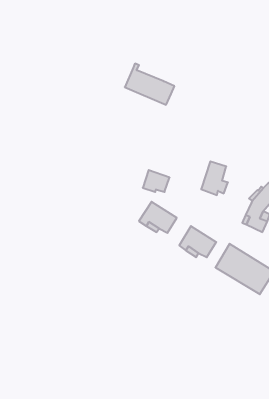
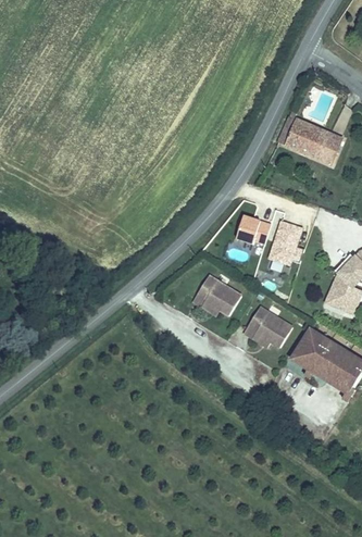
building: [125,64,174,105] -> [278,111,342,164]
building: [143,170,170,192] -> [240,216,275,245]

